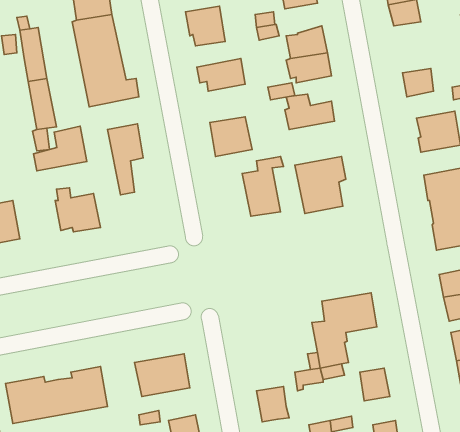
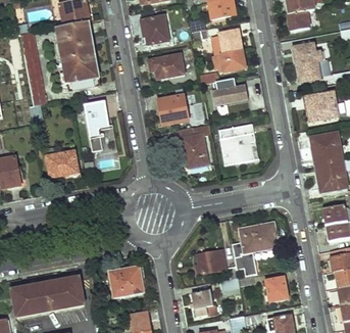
building: none -> [293,44,323,64]
building: [34,126,87,171] -> none
building: none -> [196,251,224,276]

